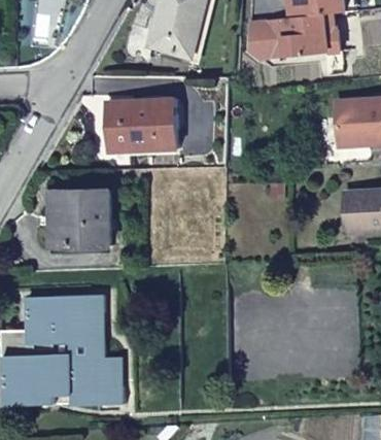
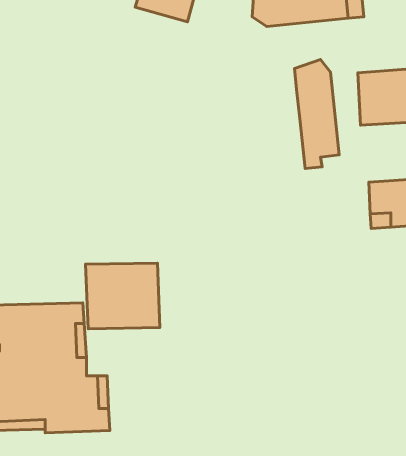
building: none -> [294,59,339,168]
building: [105,99,176,150] -> none
building: [47,190,110,245] -> [86,263,160,329]

